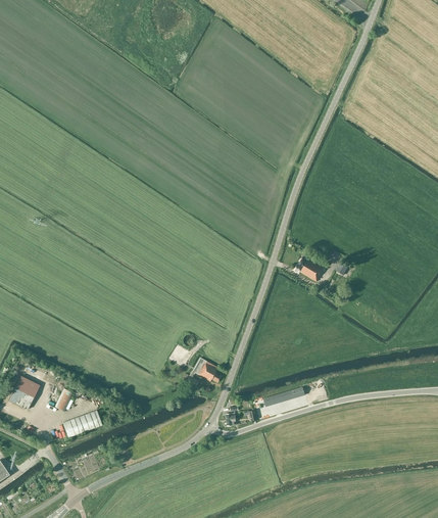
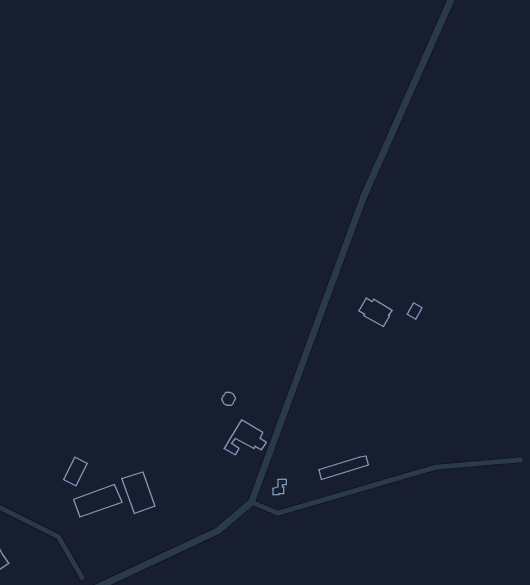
building: [9,376,40,410] -> none
building: none -> [122,472,155,514]

